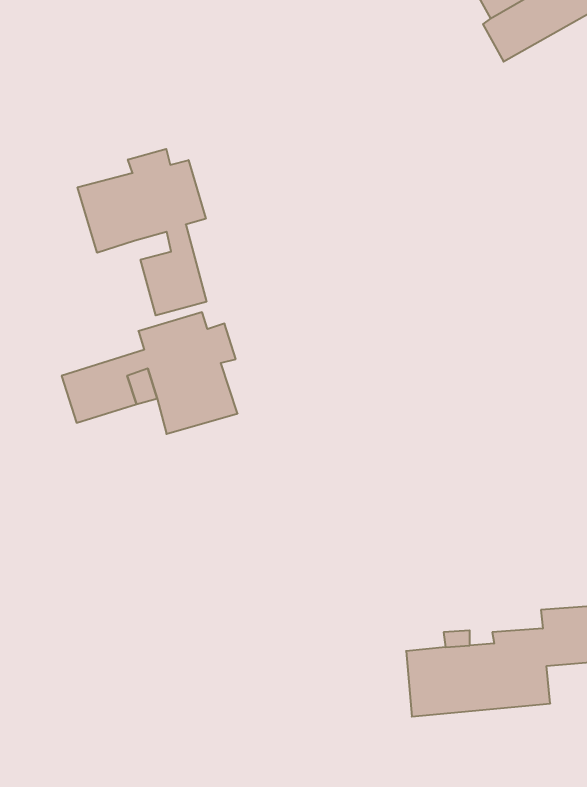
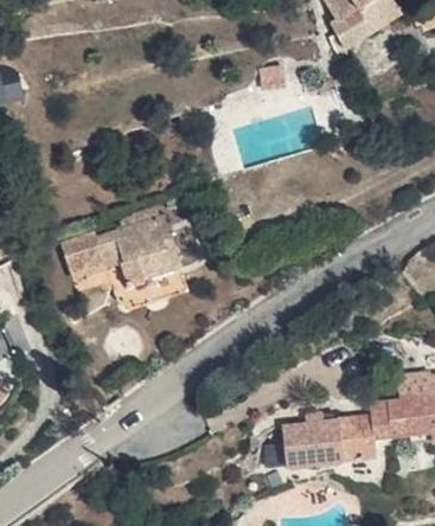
building: [78,149,206,315] -> none

